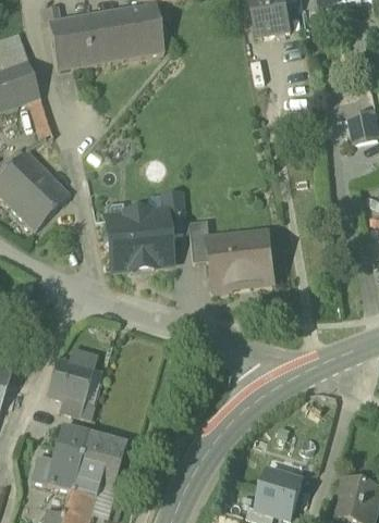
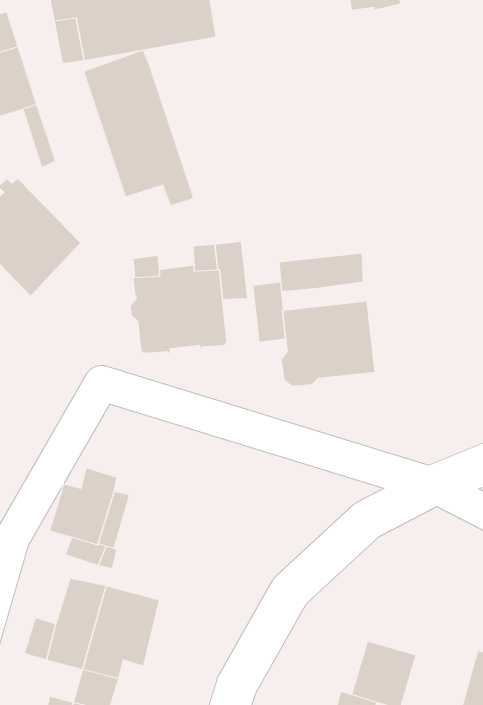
building: none -> [84,50,194,206]
building: none -> [279,253,363,292]

